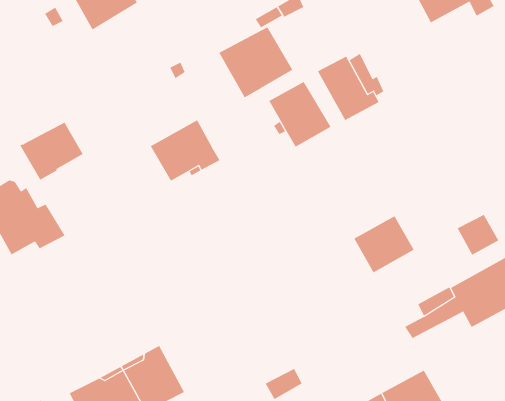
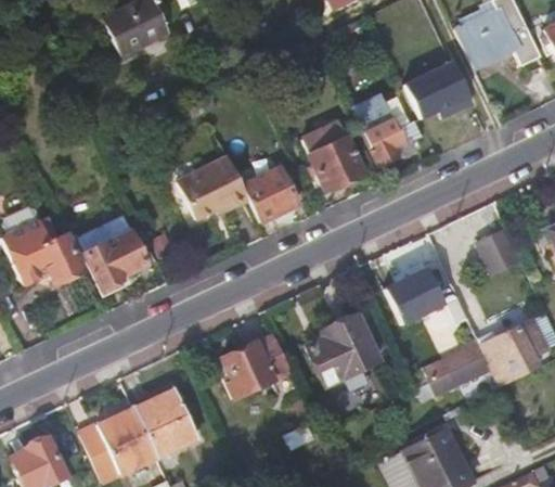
building: none -> [403,61,473,117]
building: [218,27,293,98] -> none
building: [19,122,83,181] -> [82,229,149,289]
building: none -> [241,165,300,223]
building: [457,214,499,256] -> [479,231,522,273]
building: none -> [306,312,379,386]
building: none -> [219,332,292,400]

